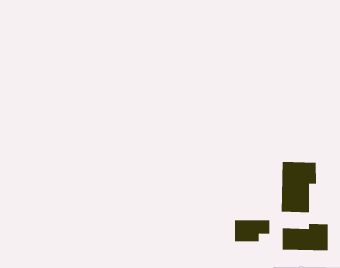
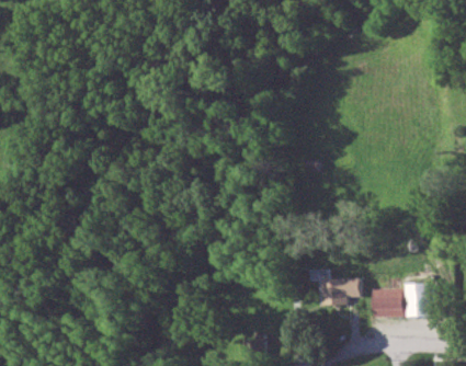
building: [281,161,316,213] -> none

